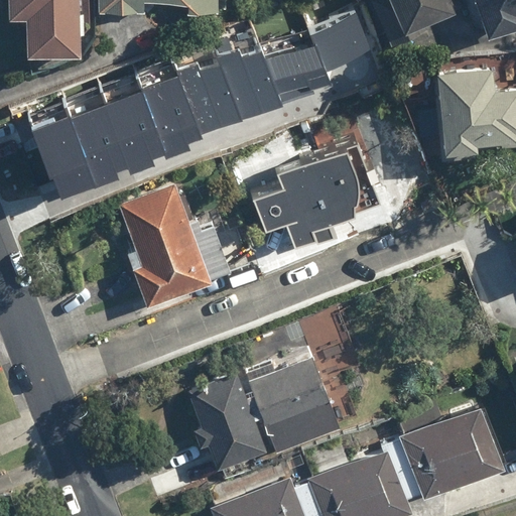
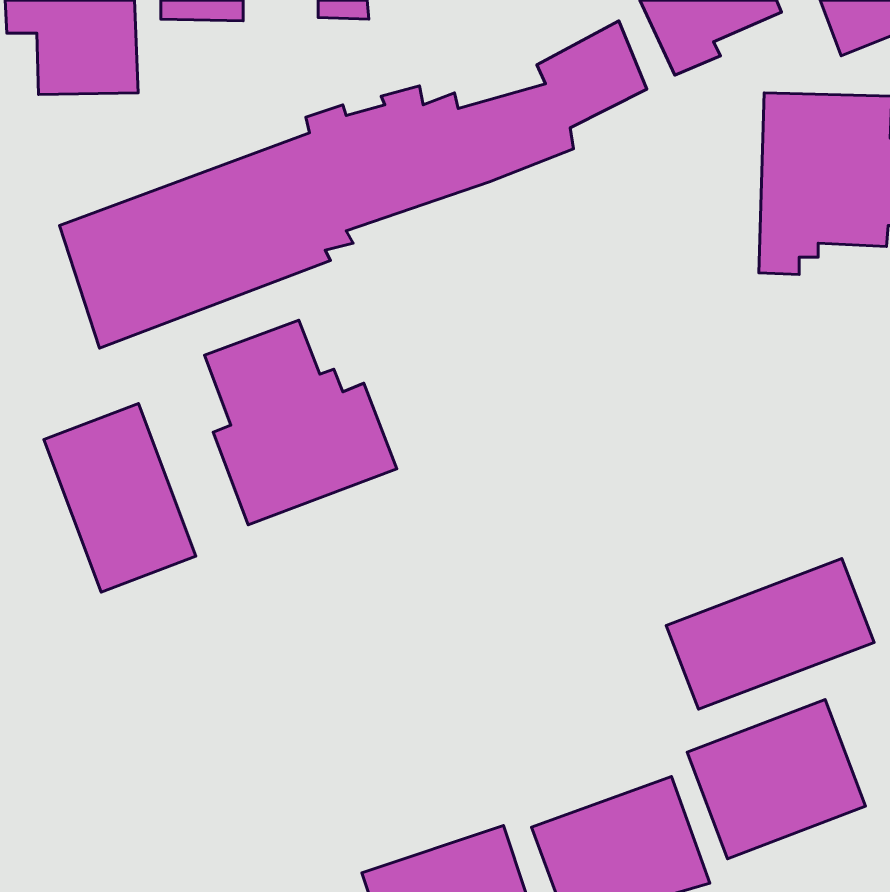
building: [250,138,376,246] -> none
building: none -> [44,404,196,592]
building: none -> [666,559,874,709]
building: [183,356,340,464] -> none

